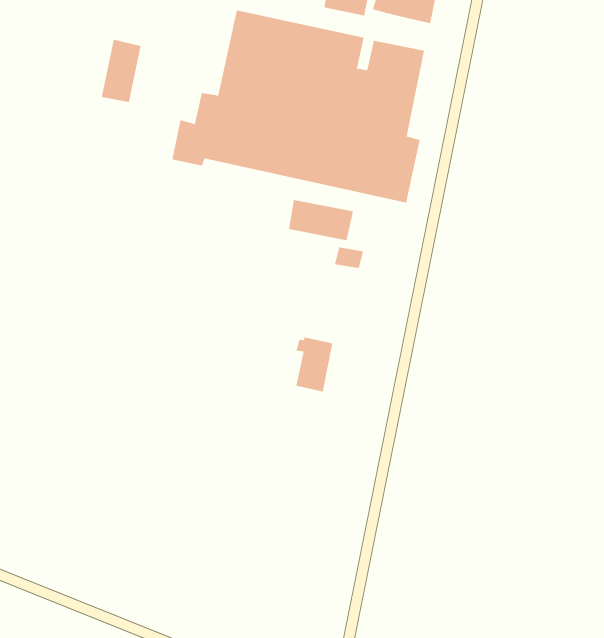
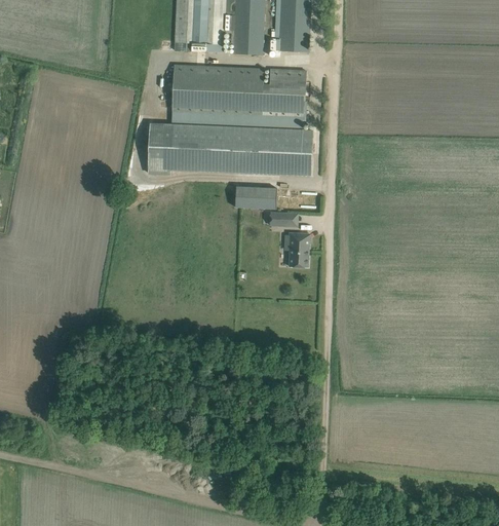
building: [101,39,141,103] -> none
building: [295,337,333,392] -> [283,231,308,266]

